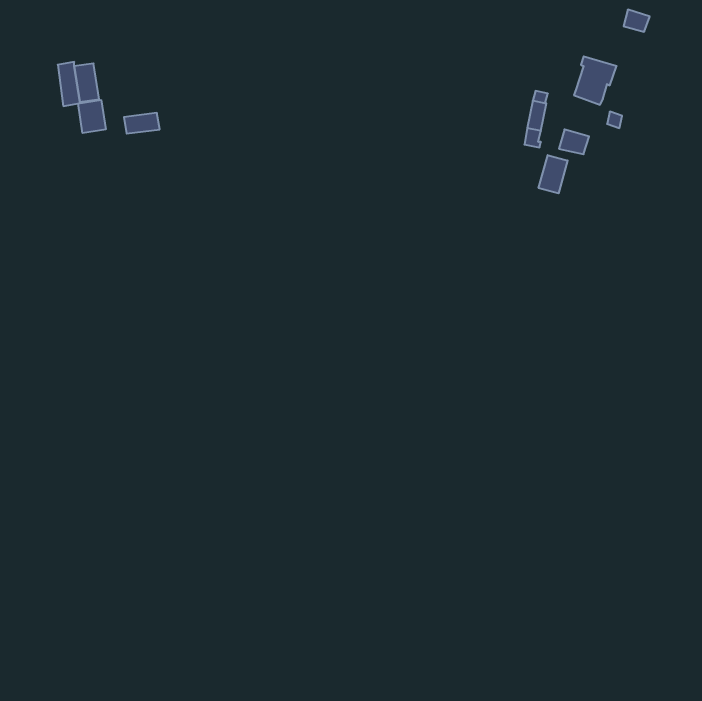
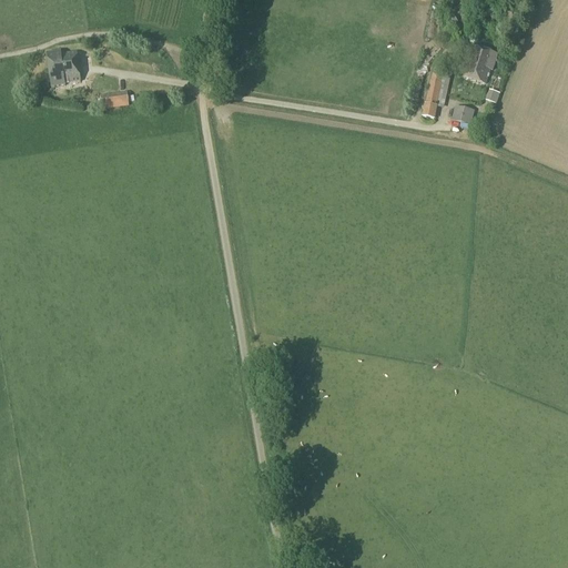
building: [78,100,106,133] -> none
building: [539,155,568,193] -> none

